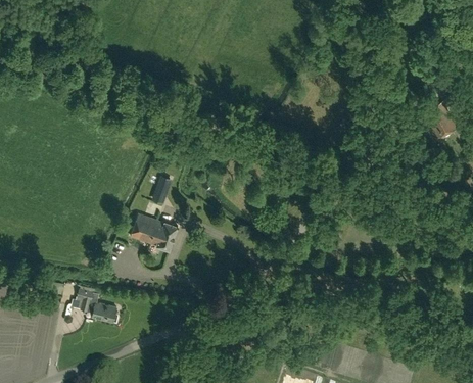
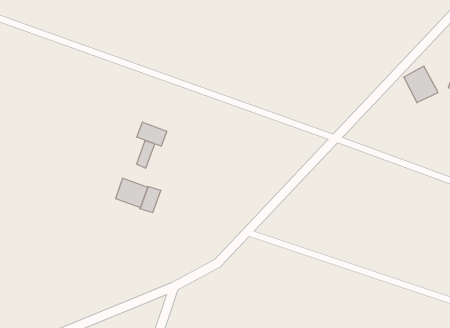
building: none -> [137,122,167,146]
building: [64,287,117,322] -> none

